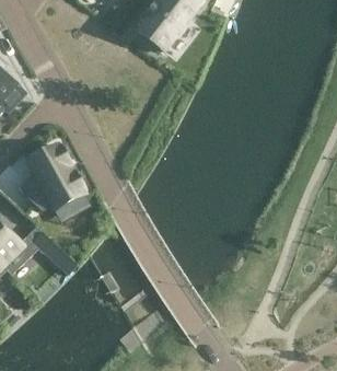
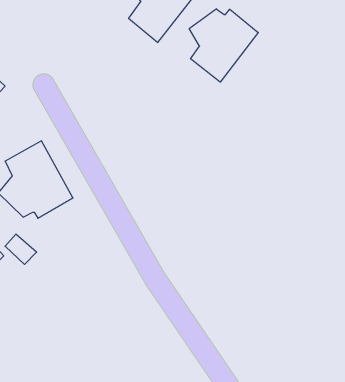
building: none -> [189,9,258,82]

